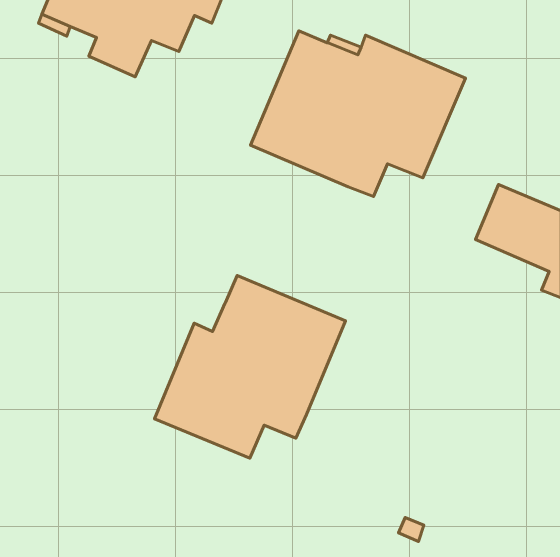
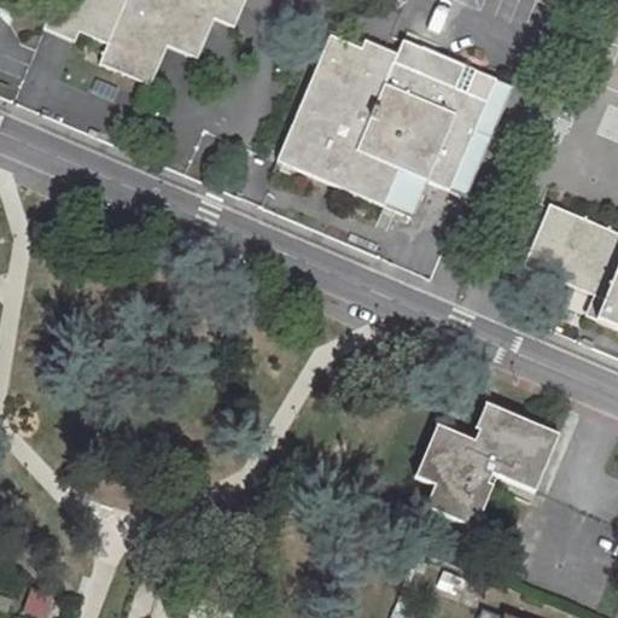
building: [155,275,345,458] -> none
building: none -> [418,403,559,527]

